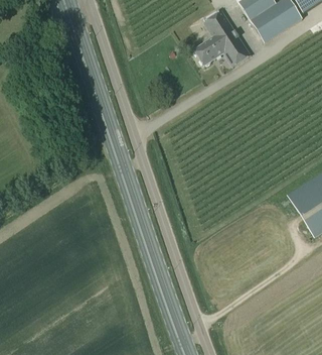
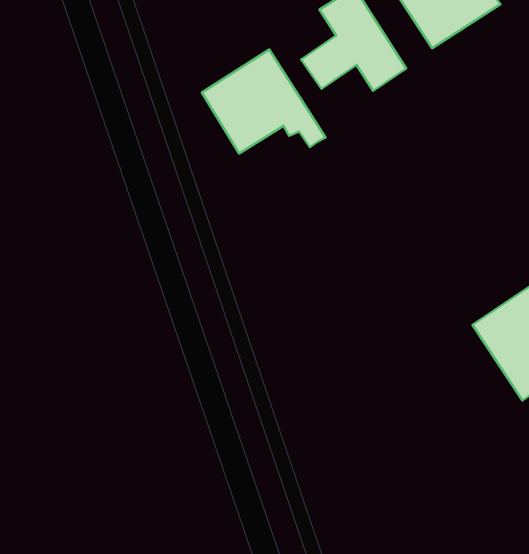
building: none -> [202,50,325,154]

